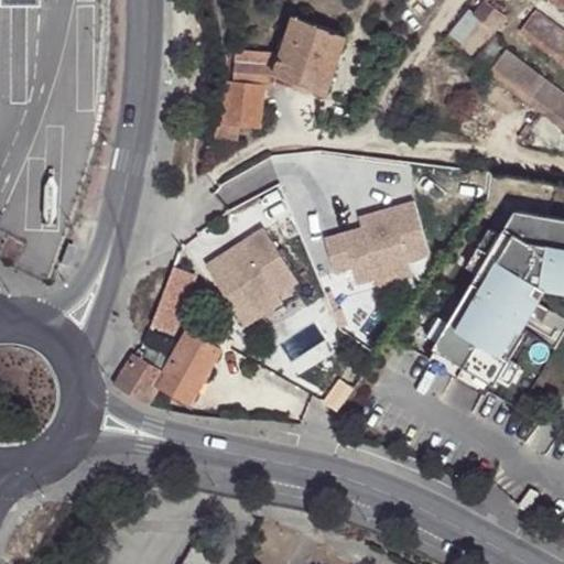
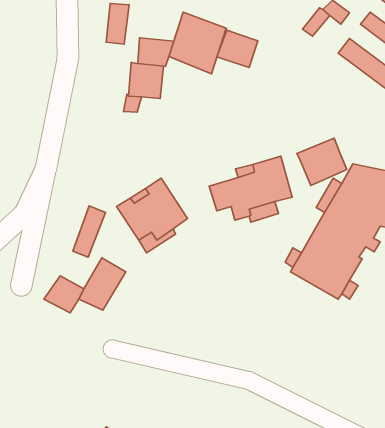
building: none -> [106,3,129,44]
building: none -> [217,30,258,68]
building: none -> [297,138,347,185]

